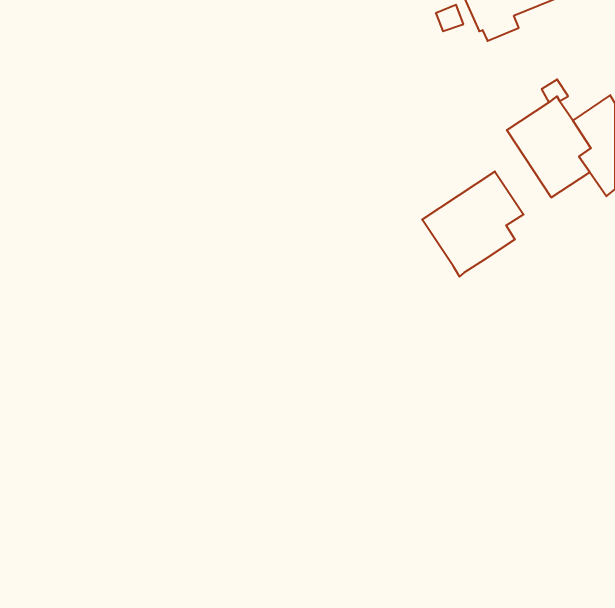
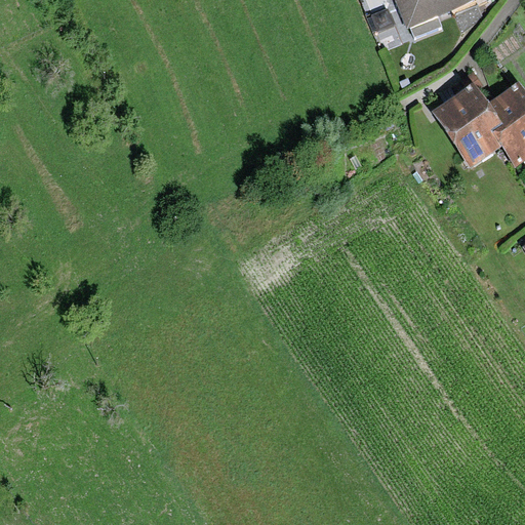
building: [422,171,524,277] -> none

